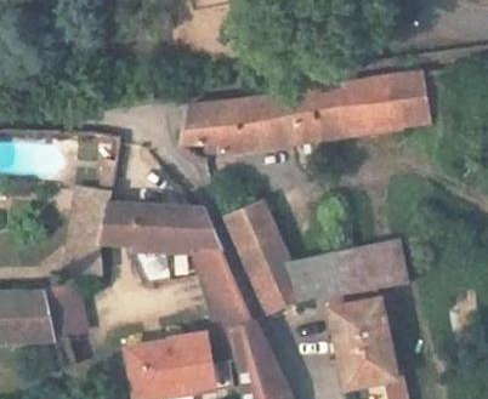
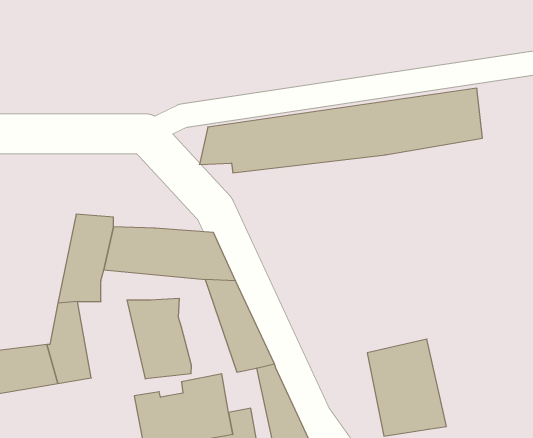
building: [225,199,410,314] -> none
building: none -> [127,298,191,379]

